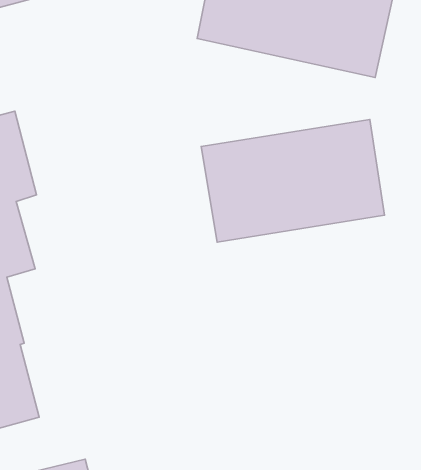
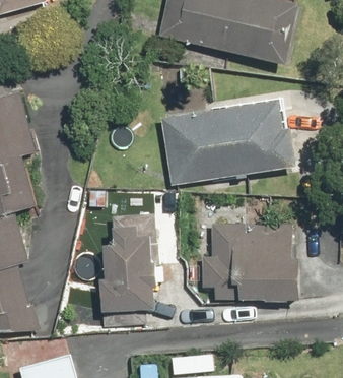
building: none -> [98,210,160,328]
building: none -> [197,223,303,303]

